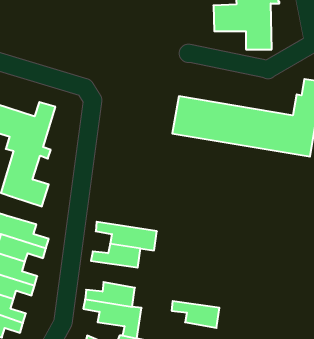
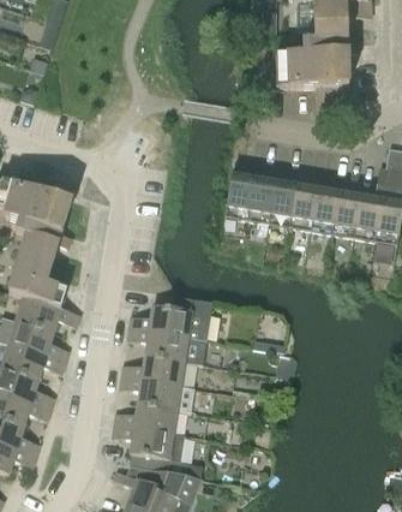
building: none -> [14,297,78,332]
building: none -> [127,297,209,340]
building: [172,301,219,328] -> [119,377,179,411]

